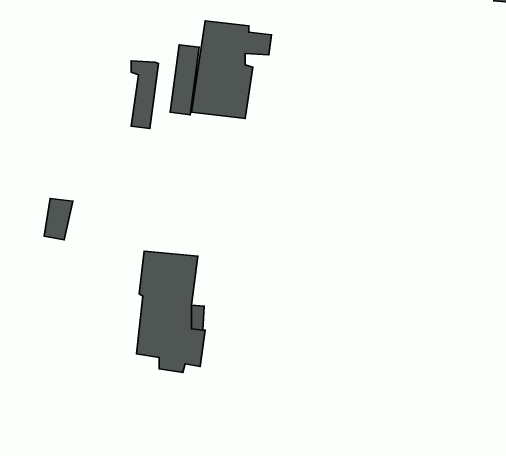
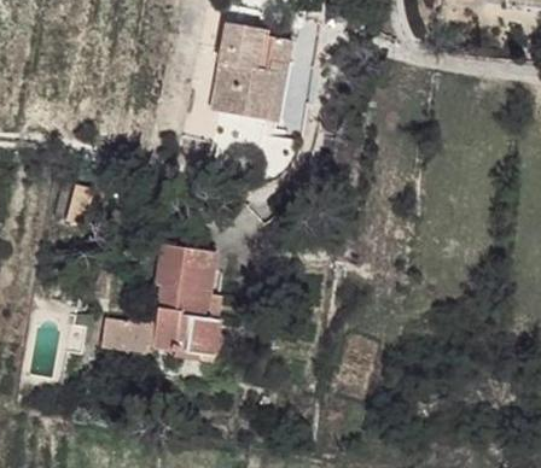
building: [131,61,159,129] -> [262,55,289,121]
building: none -> [105,322,150,355]

